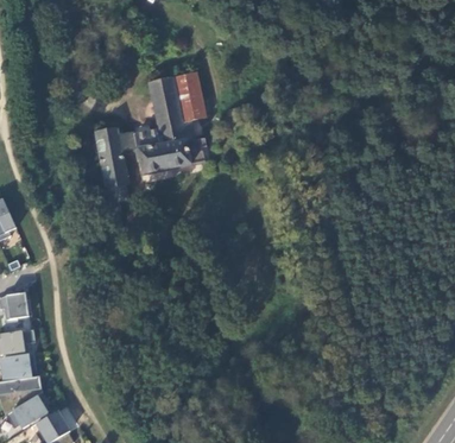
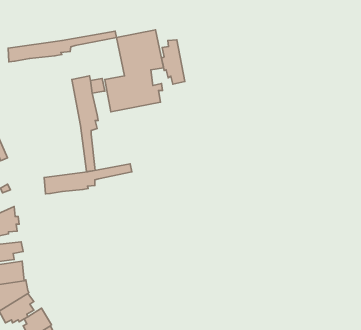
building: none -> [8,31,117,62]
building: none -> [161,40,185,84]
building: none -> [44,164,132,194]

